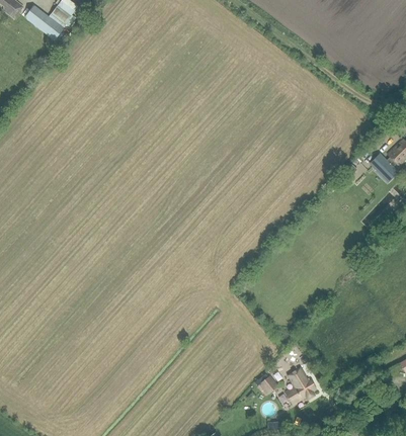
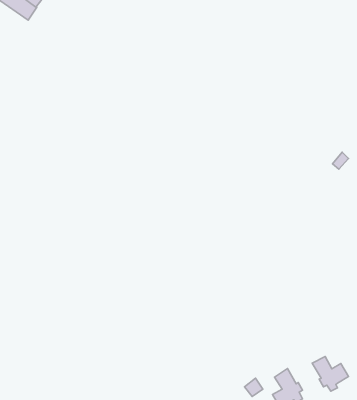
building: none -> [312,356,348,391]

